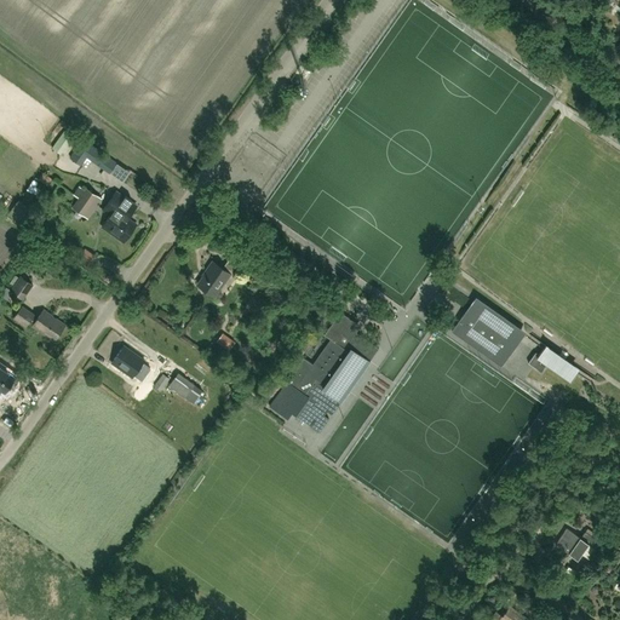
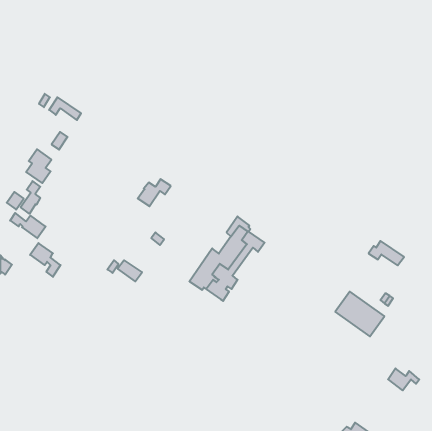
building: [102,195,138,243] -> [26,149,51,183]
building: none -> [21,181,40,214]
building: [452,303,522,367] -> [335,292,384,336]
building: [111,346,155,395] -> [30,243,61,277]

